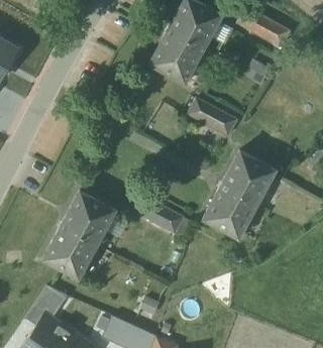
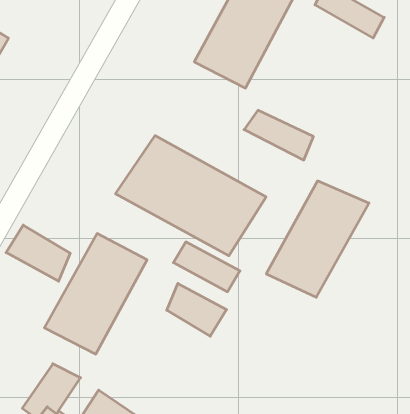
building: none -> [116,136,266,256]
building: none -> [6,225,70,281]
building: none -> [167,283,227,336]

